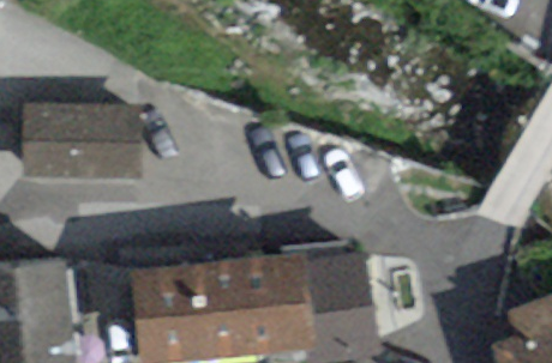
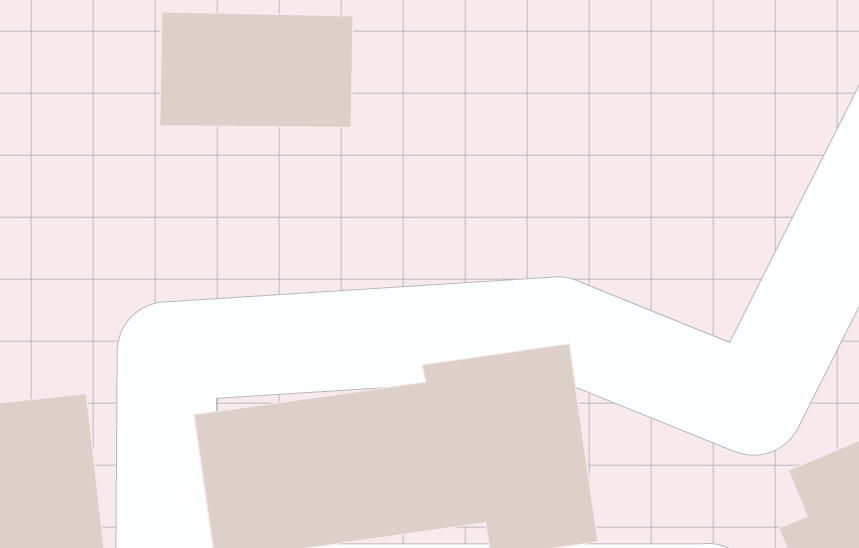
building: [20,110,142,182] -> [160,12,353,127]

